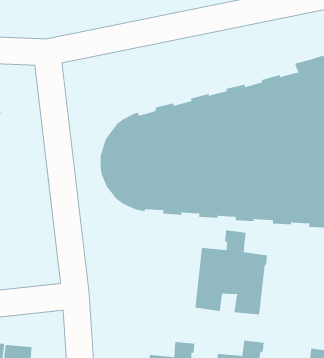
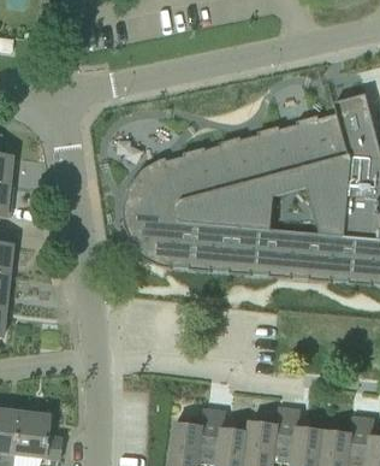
building: [195,230,268,315] -> none

